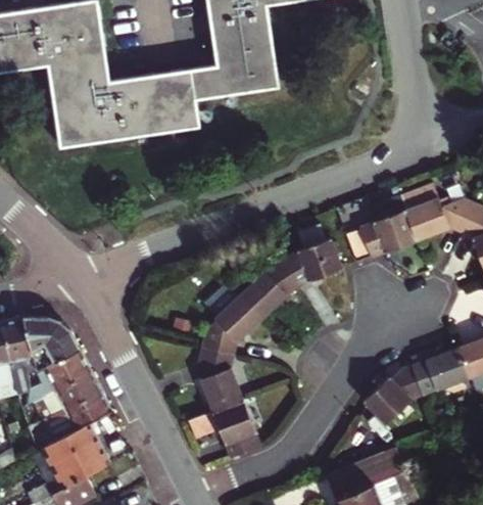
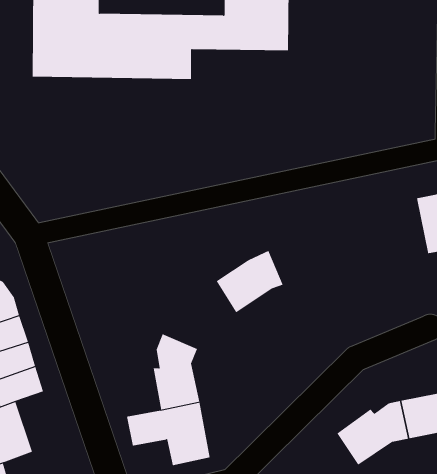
building: [360,195,419,258] -> none
building: [283,223,344,287] -> none
building: [203,282,263,354] -> none

